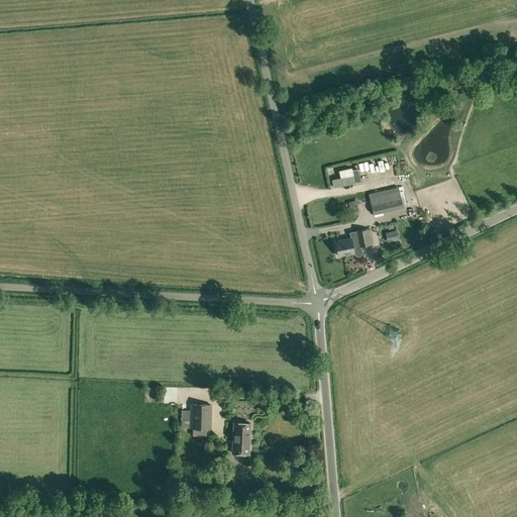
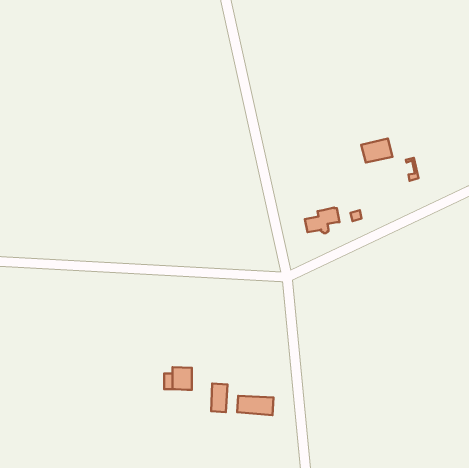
building: [369,189,403,215] -> [361,138,392,162]
building: none -> [237,396,273,415]

